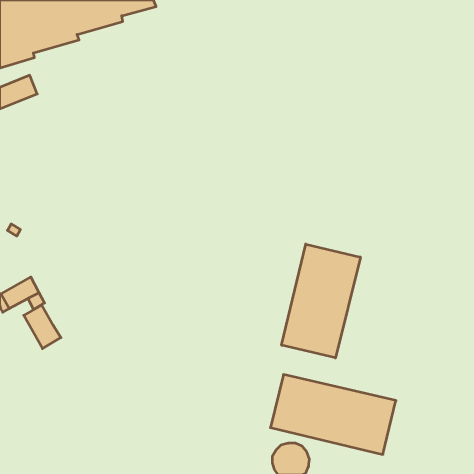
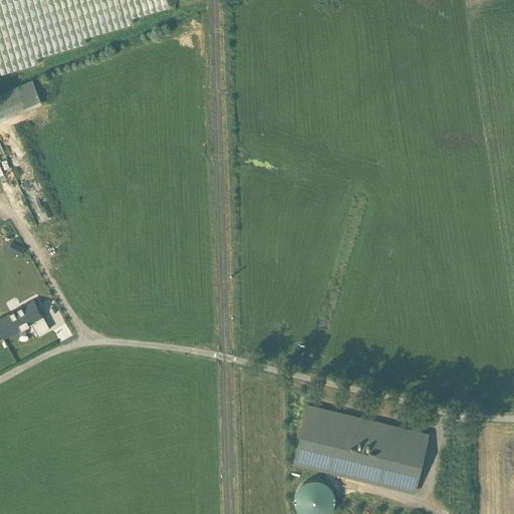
building: [282,244,360,358] -> none
building: [24,305,61,349] -> none

